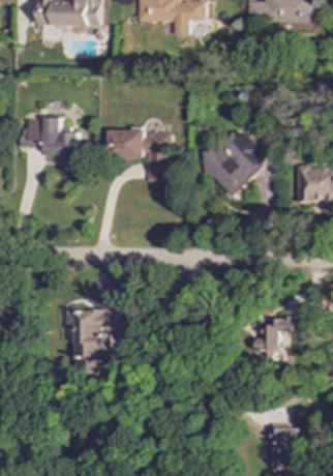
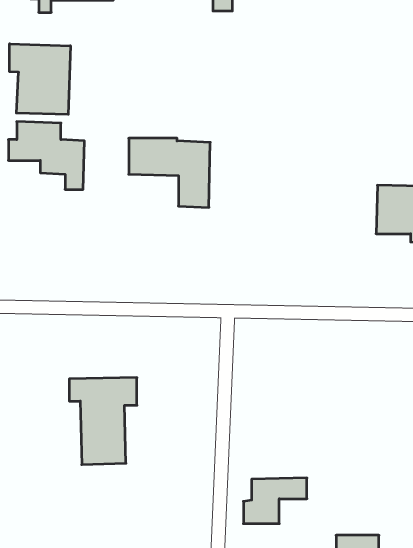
building: none -> [10,44,70,114]
building: [199,130,265,196] -> none
building: [254,316,302,350] -> [243,478,307,524]

